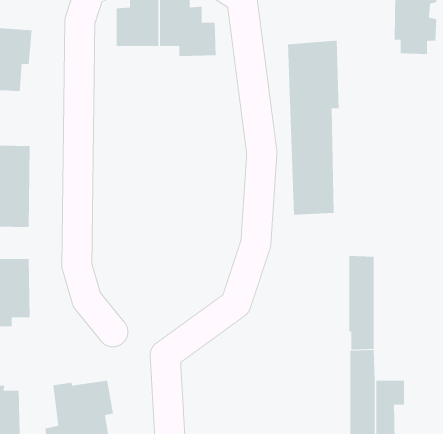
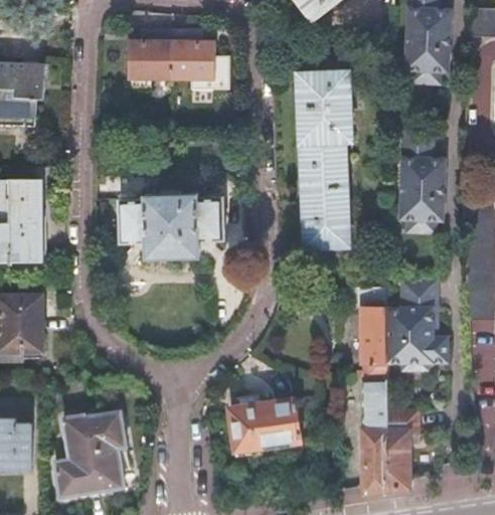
building: none -> [400,134,444,234]
building: none -> [118,190,224,258]
building: none -> [386,280,448,370]
building: none -> [229,394,301,456]

